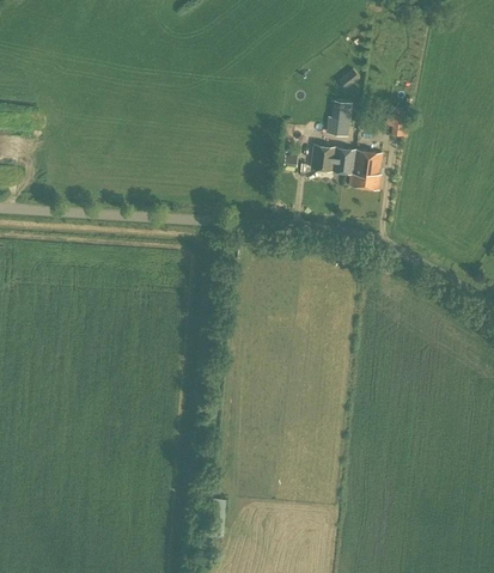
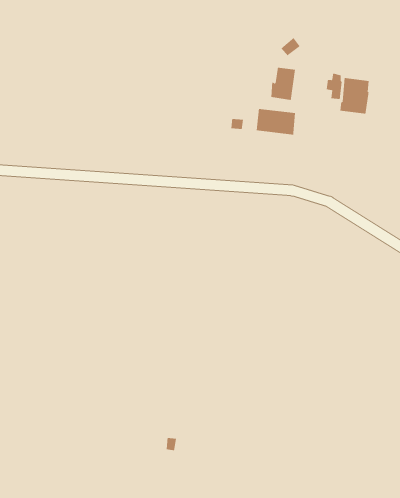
building: [349,150,382,189] -> [339,77,369,114]

